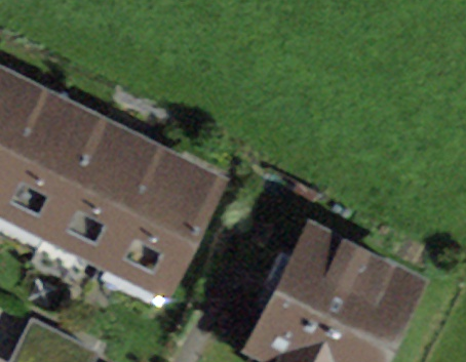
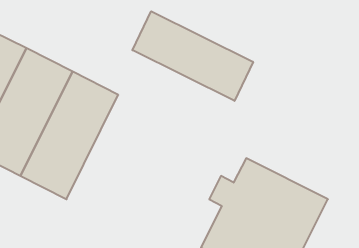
building: none -> [132,11,253,101]
building: [91,145,213,300] -> none

